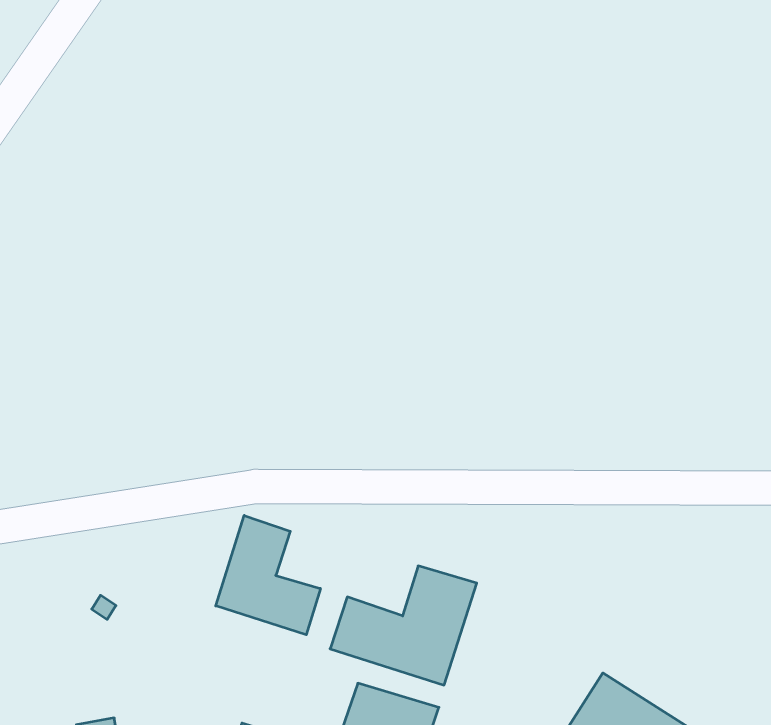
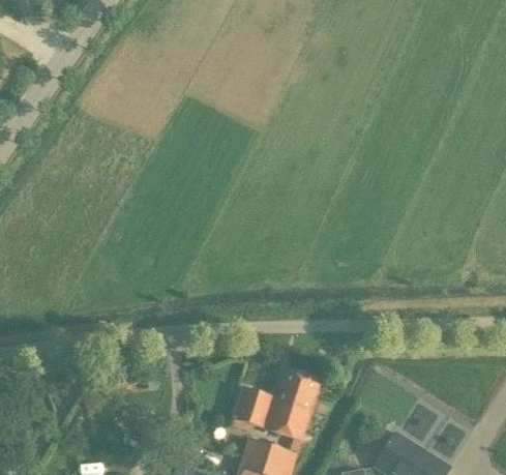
building: [216,515,320,635] -> none

